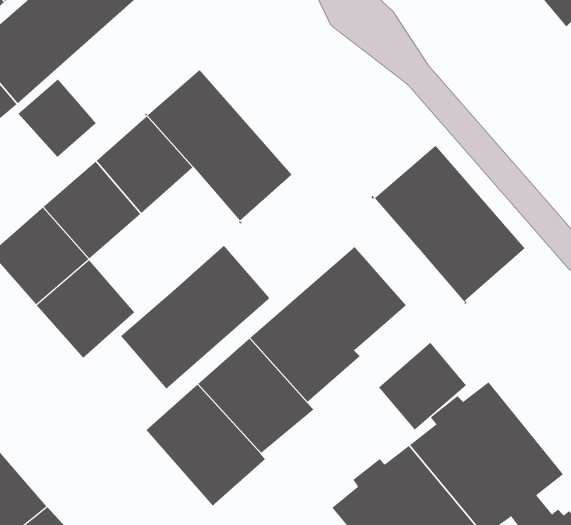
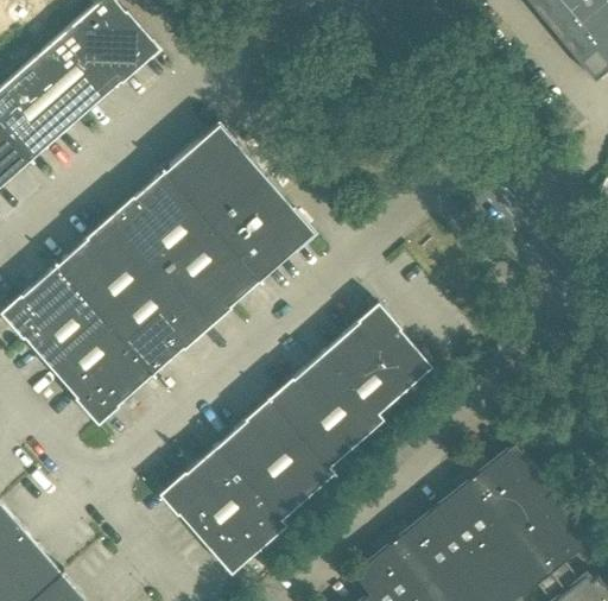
building: [17,79,97,158] -> none
building: [371,145,525,305] -> none
building: [120,245,270,389] -> [104,226,259,374]
building: [378,342,467,430] -> none

